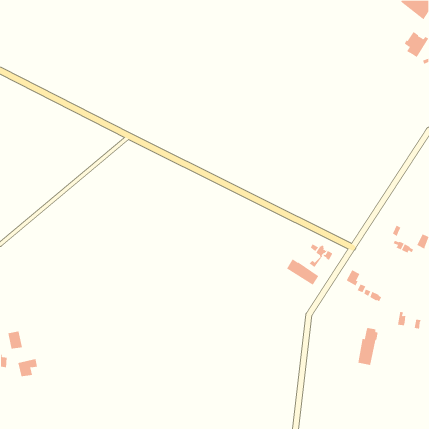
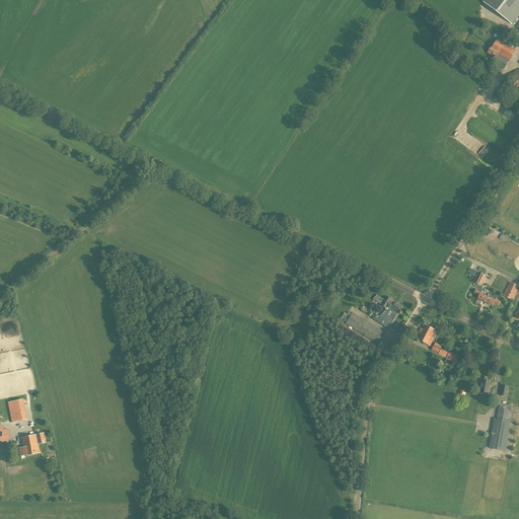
building: [358,328,379,365] -> [489,405,514,451]

